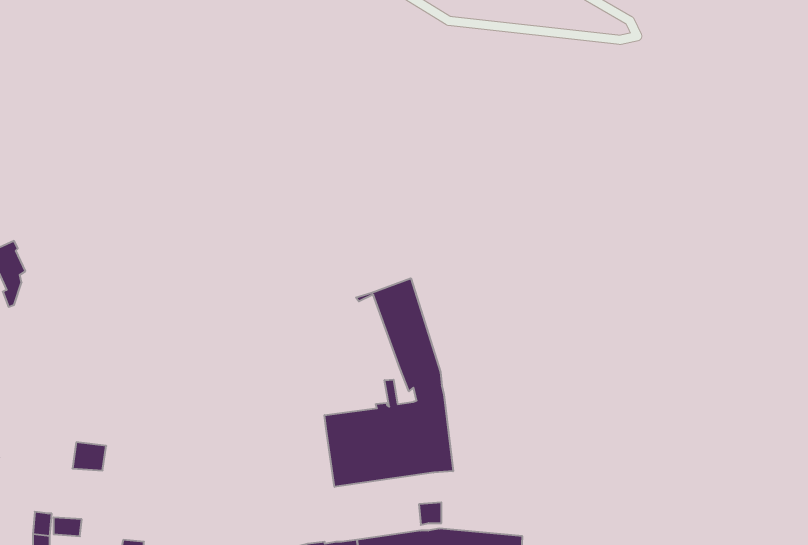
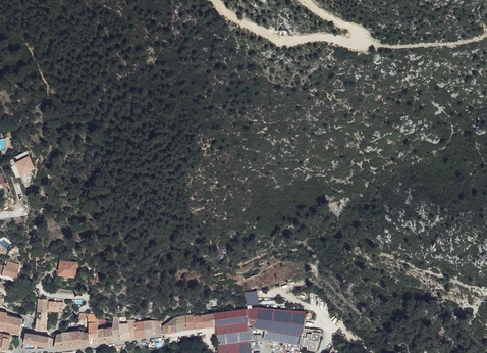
building: [325,278,453,487] -> none

